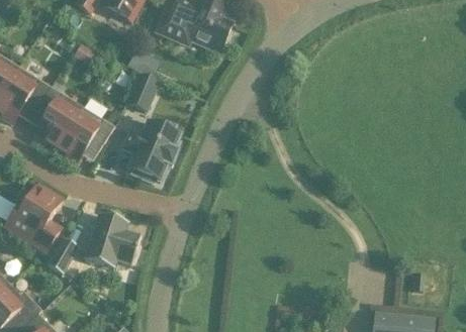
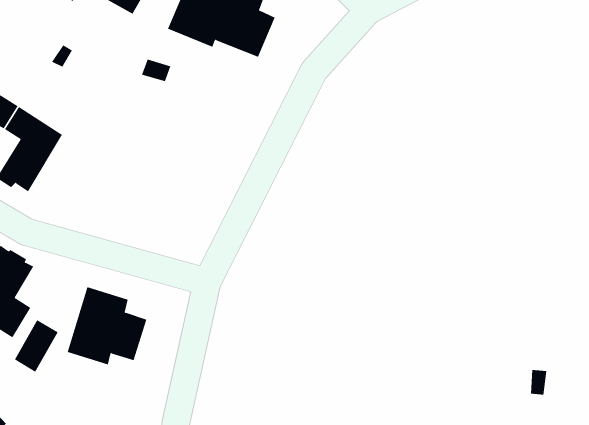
building: [126,73,158,110] -> none
building: [57,106,113,162] -> none
building: [122,120,179,183] -> none

